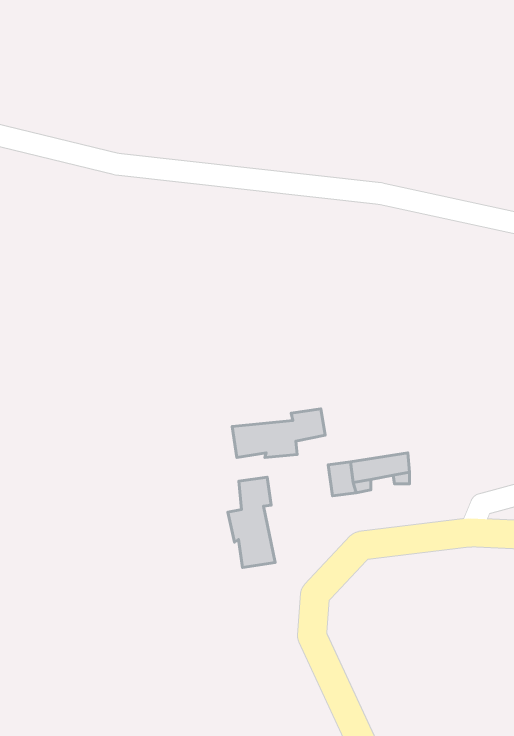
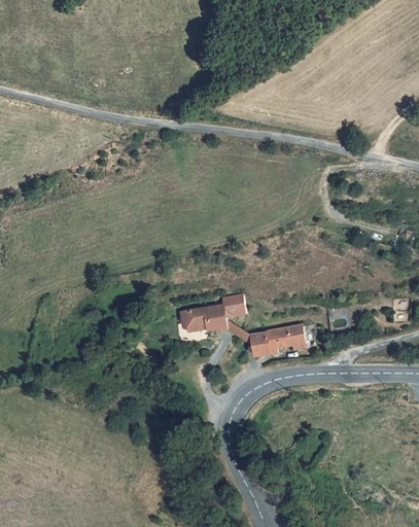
building: [228,477,275,568] -> none

